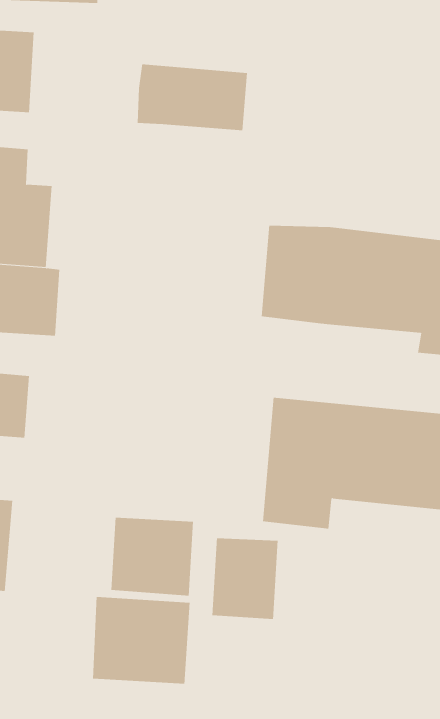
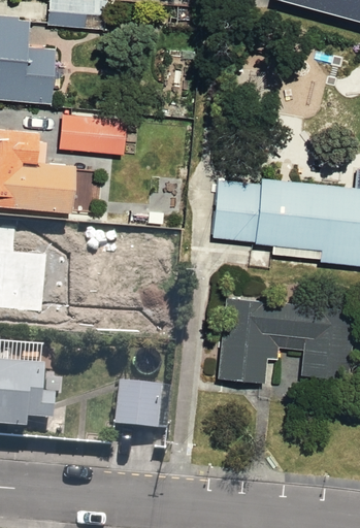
building: [137,64,248,131] -> [53,109,128,155]
building: [212,538,278,620] -> none
building: [93,596,190,685] -> none

